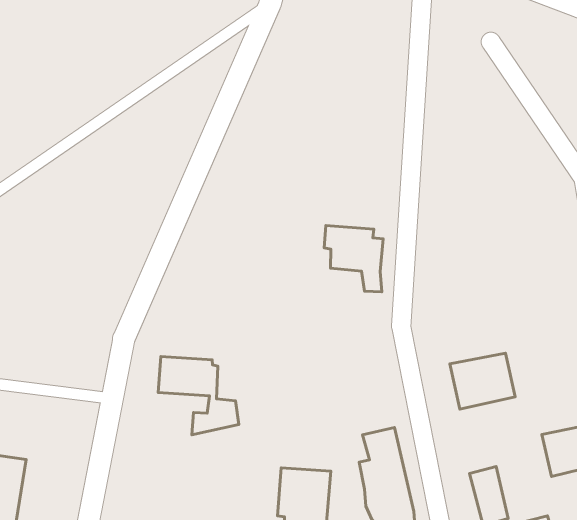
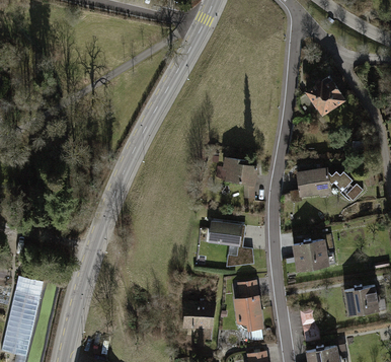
building: none -> [305,73,347,115]
building: none -> [292,170,359,203]
building: [158,357,239,435] -> [209,218,255,266]

